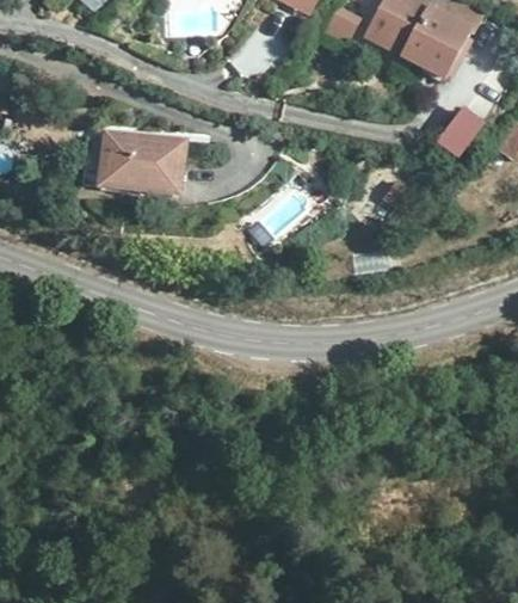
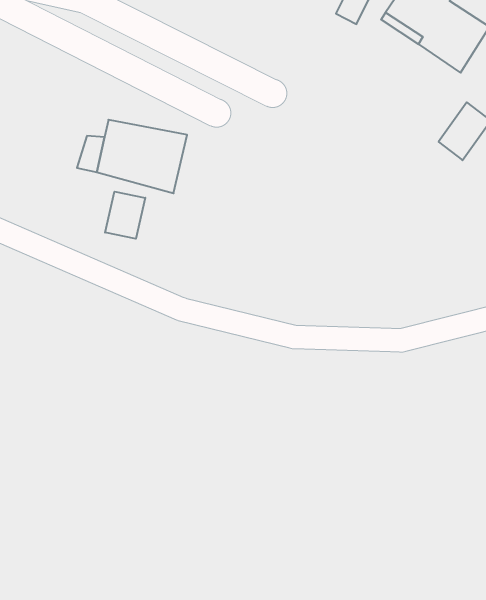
building: none -> [105,192,145,239]

